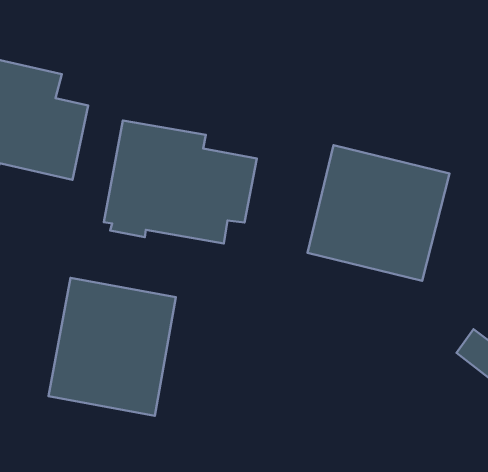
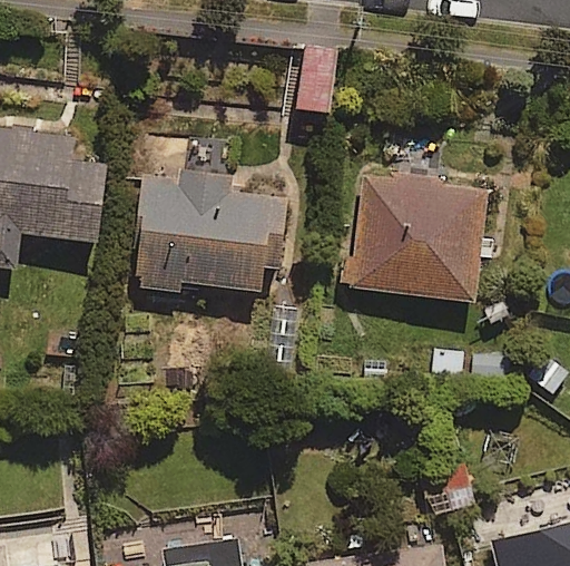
building: [49,278,176,416] -> none

